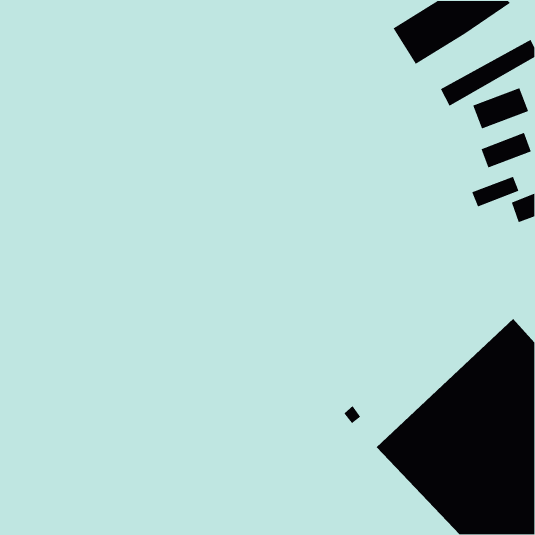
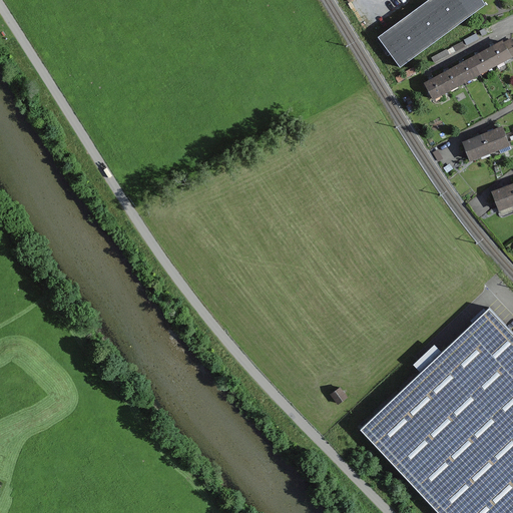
building: [472,87,529,129] -> none
building: [471,176,520,207] -> none

